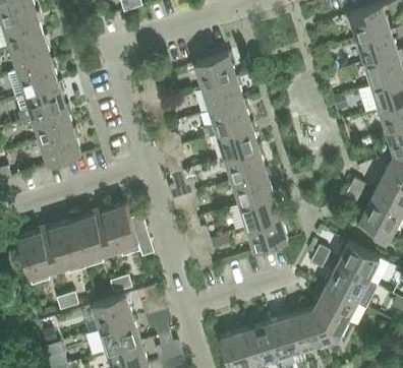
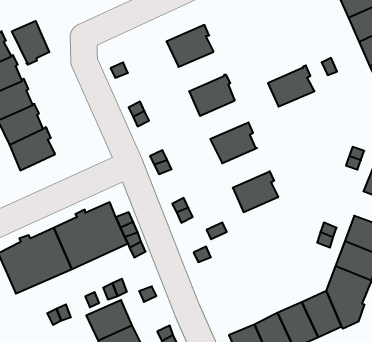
building: none -> [12,21,49,65]
building: [203,76,243,112] -> none
building: [217,123,258,158] -> [268,65,315,107]
building: [232,170,273,204] -> none
building: [246,217,287,252] -> none

